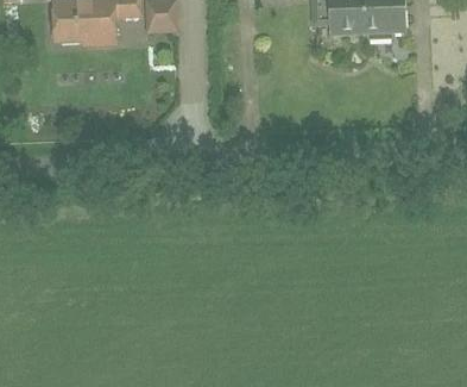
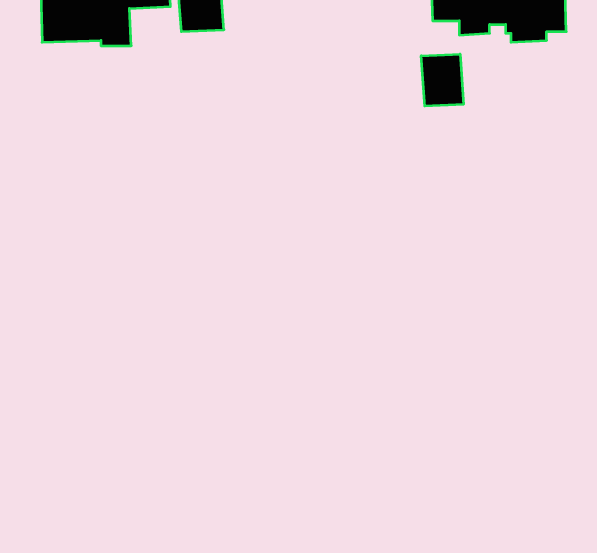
building: none -> [421,54,463,106]

